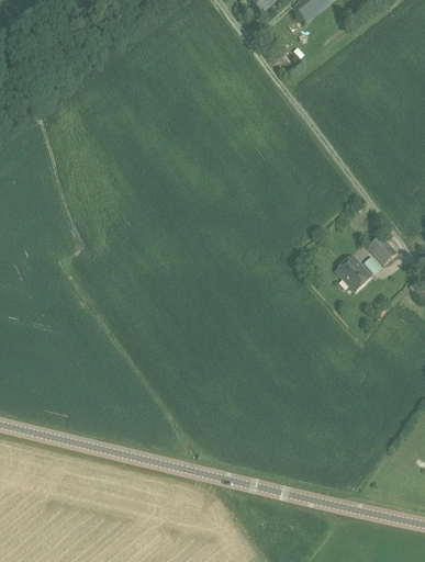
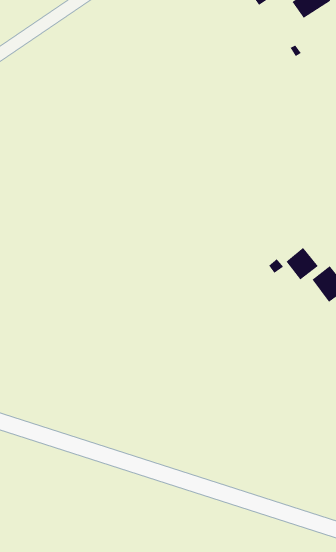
building: none -> [285,247,319,280]

